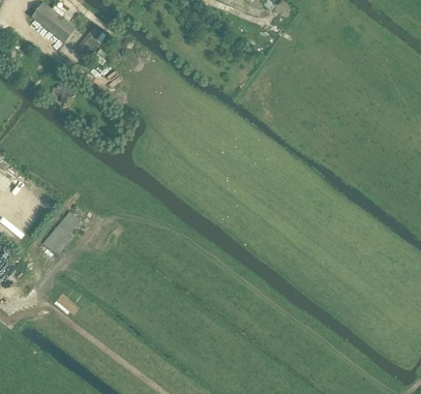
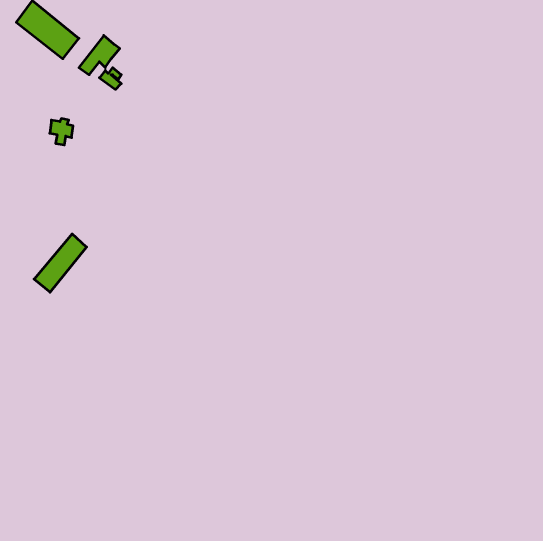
building: [41,211,79,252] -> [34,234,87,292]

